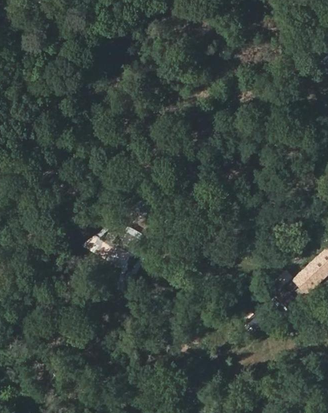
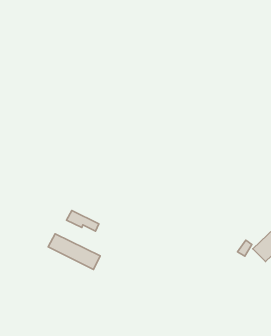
building: none -> [48,234,100,270]

